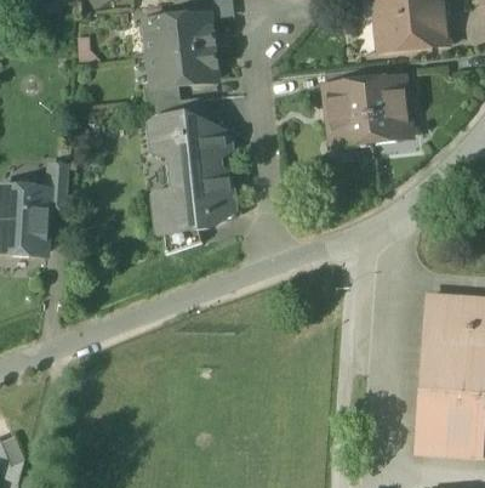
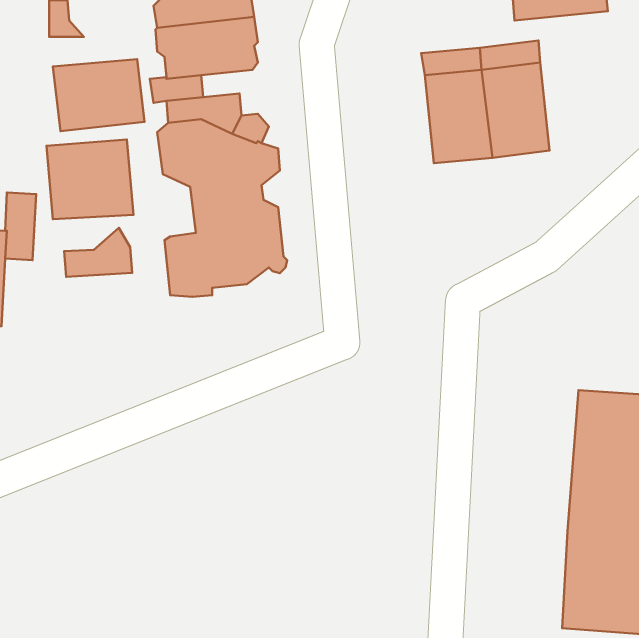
building: none -> [53,59,144,131]
building: none -> [47,139,134,219]
building: none -> [64,228,132,277]

